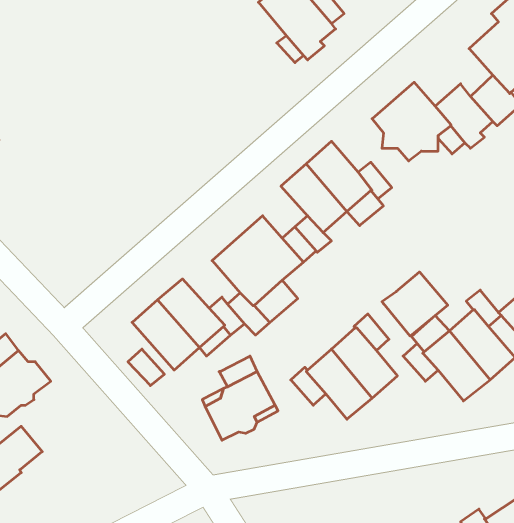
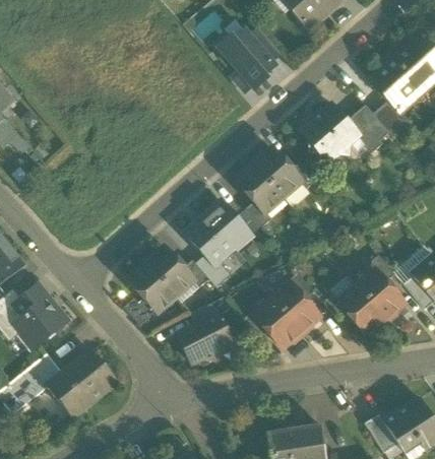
building: [382,272,448,336] -> none
building: none -> [48,349,119,416]

